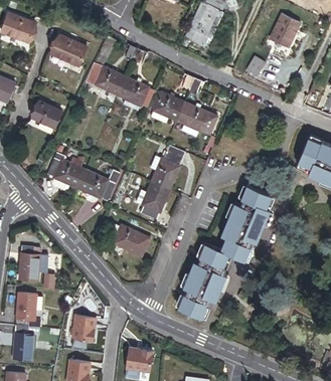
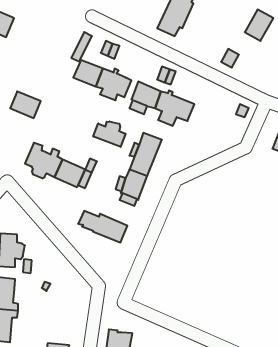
building: [47,40,84,72] -> none
building: none -> [93,121,126,147]
building: [181,183,271,315] -> none
building: [71,313,96,339] -> none

